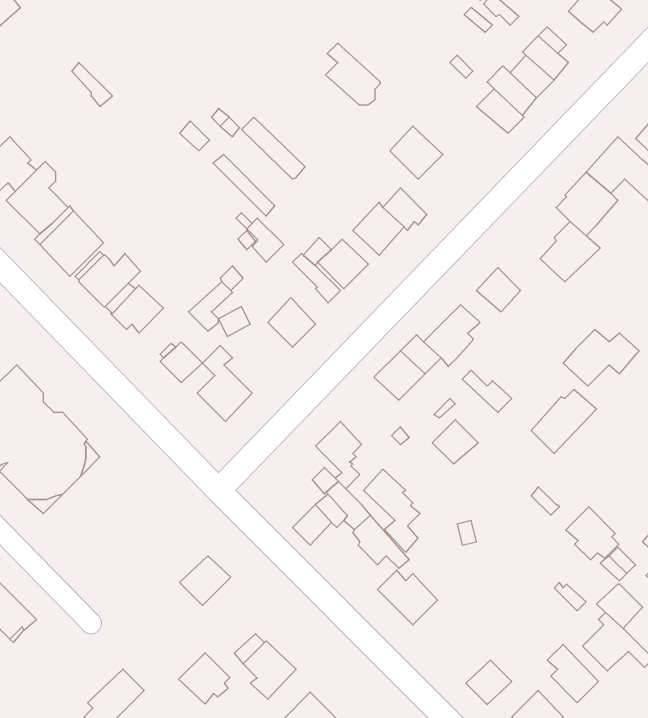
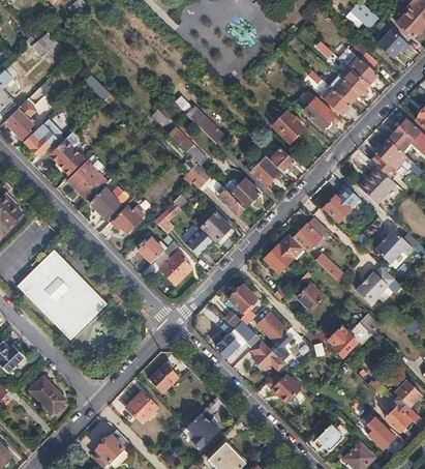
building: [326,43,380,105] -> [303,93,335,129]
building: none -> [185,228,214,257]
building: [566,507,619,560] -> [329,326,360,357]
building: [179,653,230,704] -> [127,392,157,422]

